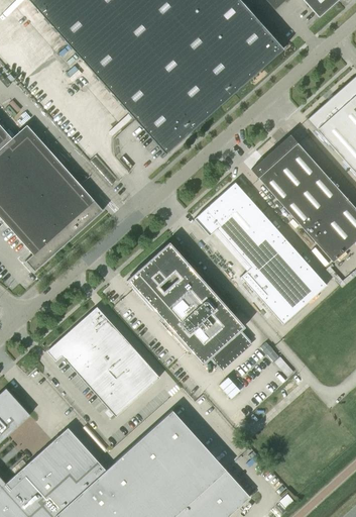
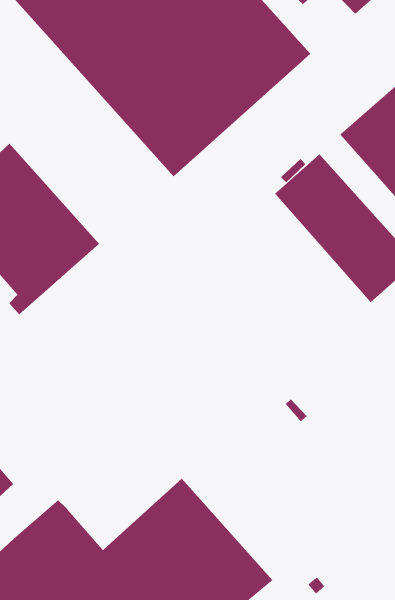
building: [194,182,327,324] -> none
building: [126,242,251,370] -> none
building: [46,307,159,417] -> none

